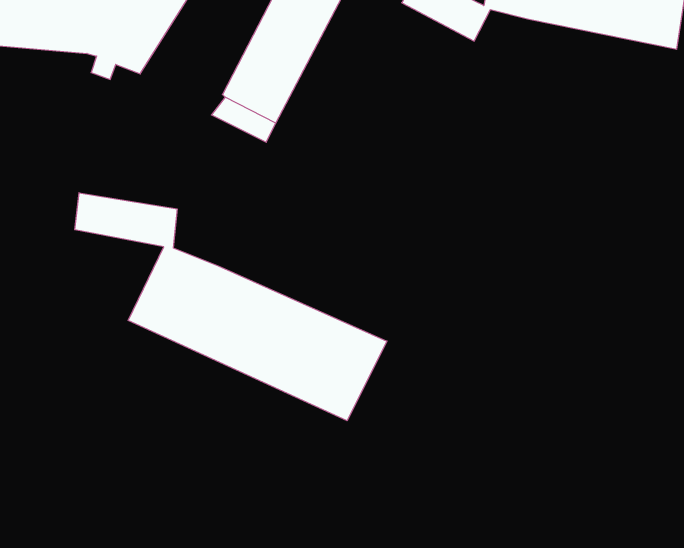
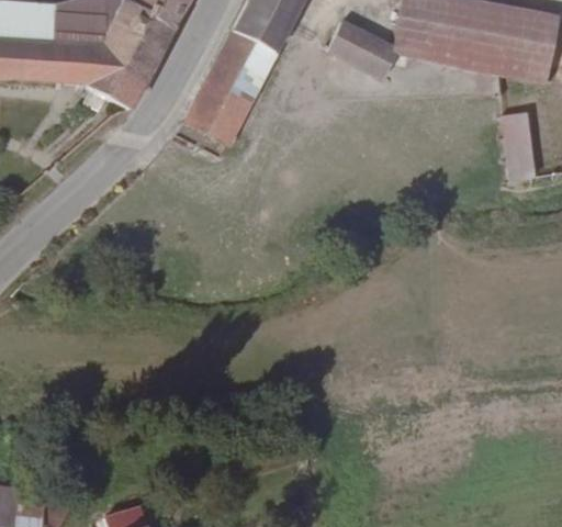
building: none -> [504,115,535,180]
building: [75,193,387,421] -> none

